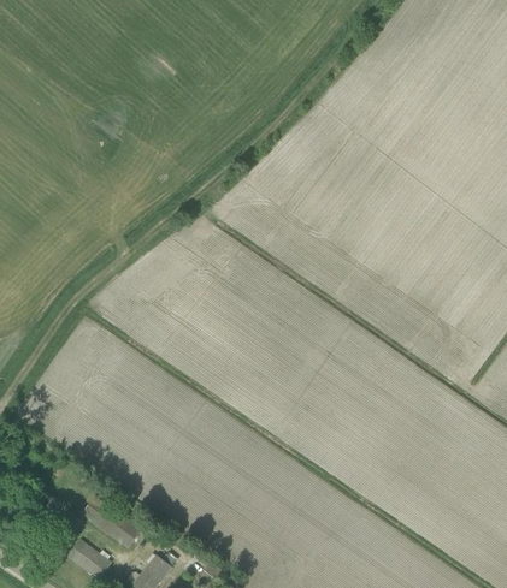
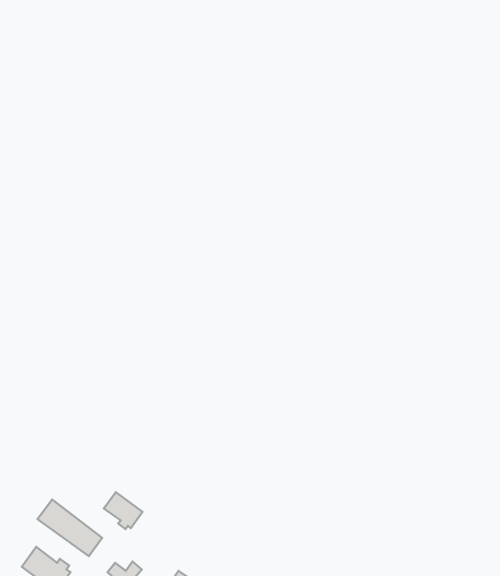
building: none -> [104,492,143,529]

